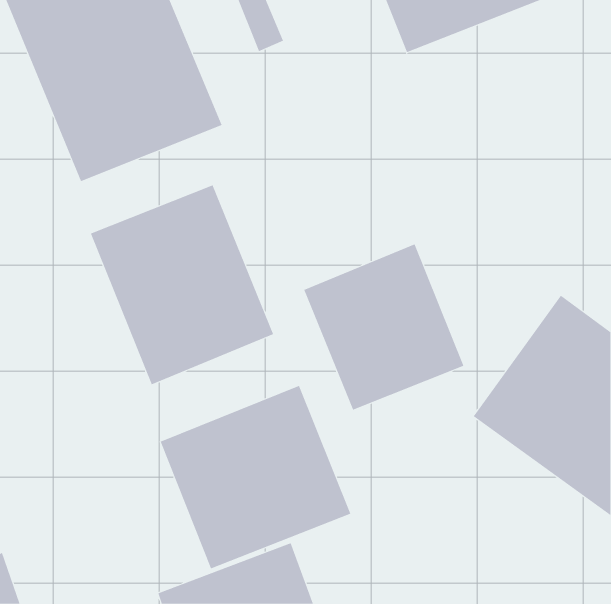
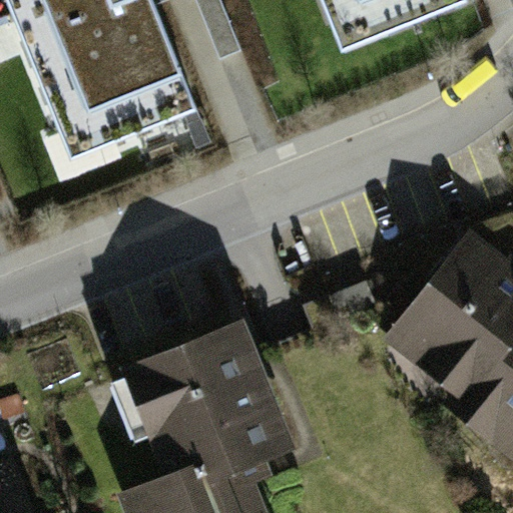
building: [90,184,274,385] -> none
building: [304,244,464,411] -> none

